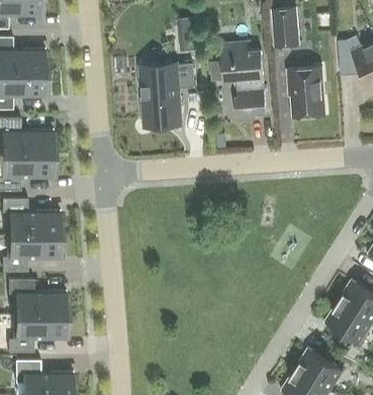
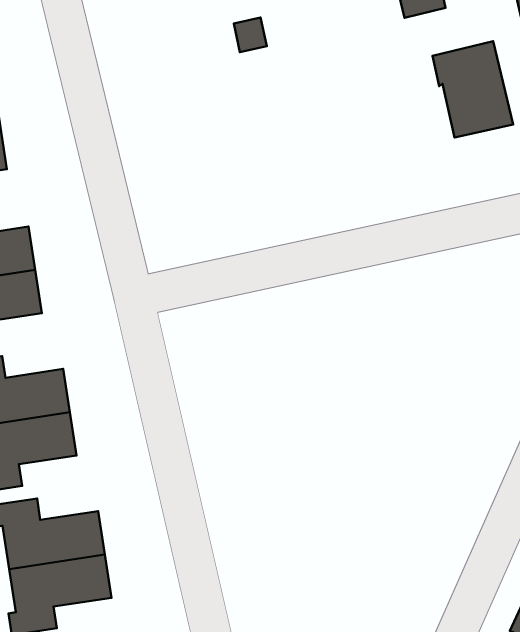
building: [209,42,266,121] -> none
building: [139,65,194,120] -> none

